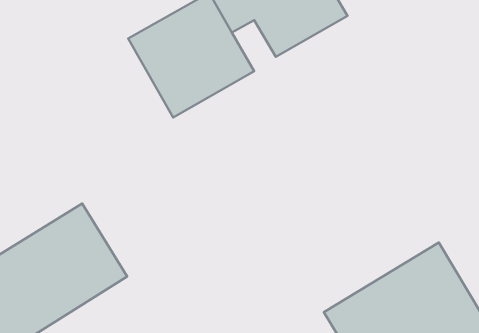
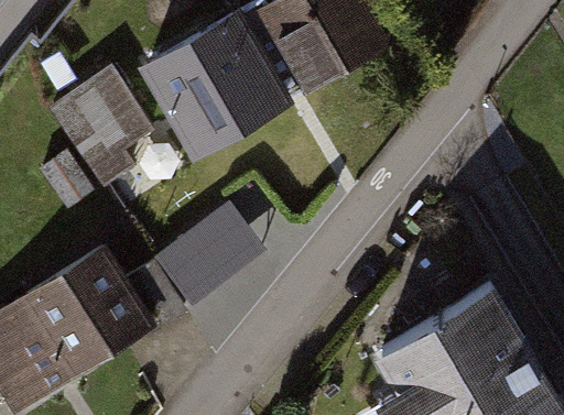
building: none -> [36,67,153,211]
building: none -> [155,201,265,305]

